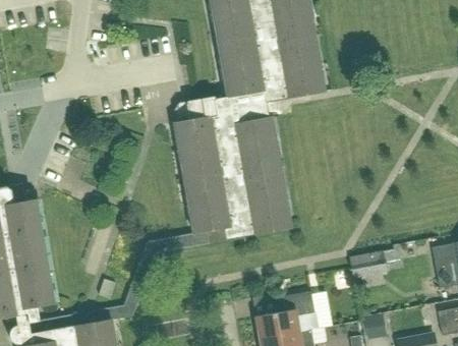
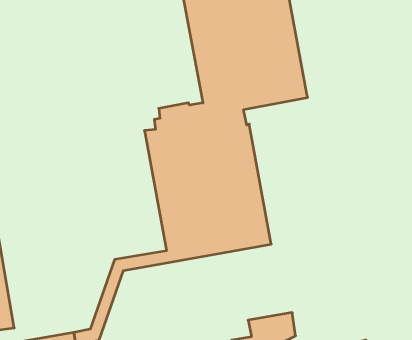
building: [348,250,386,279] -> none

